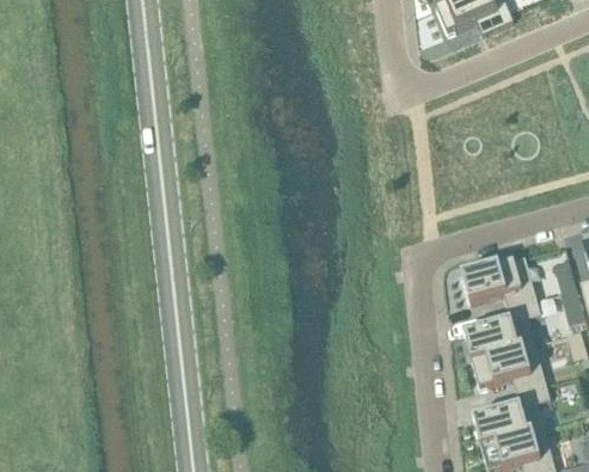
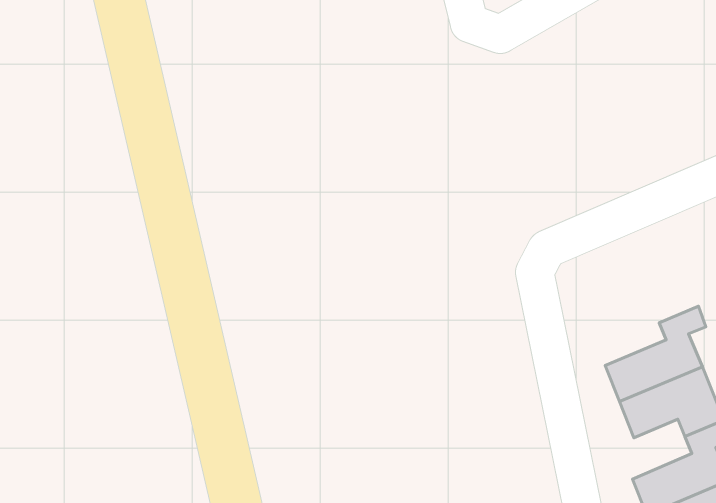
building: [453,253,528,304] -> none

